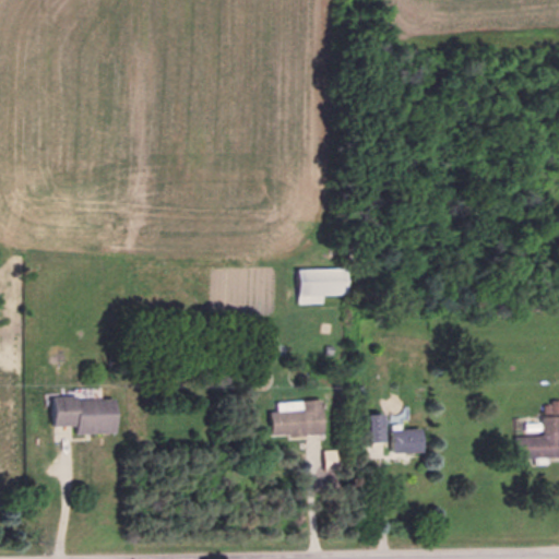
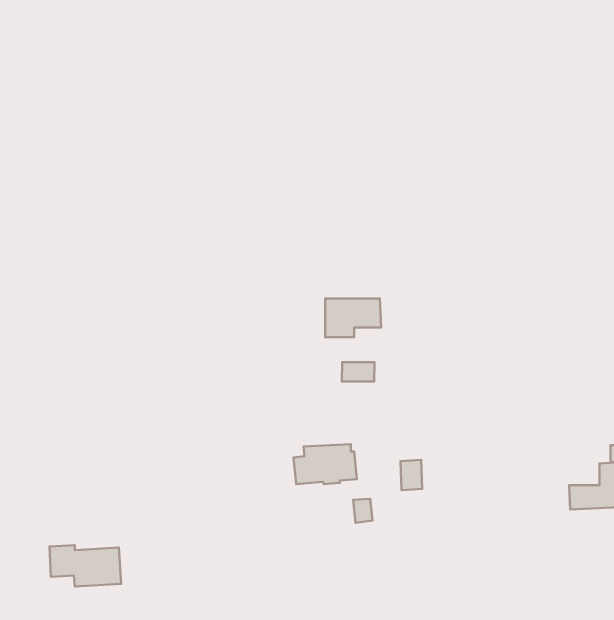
building: none -> [342,362,375,381]
building: [55,396,119,433] -> [50,545,121,586]
building: [392,424,423,452] -> none

